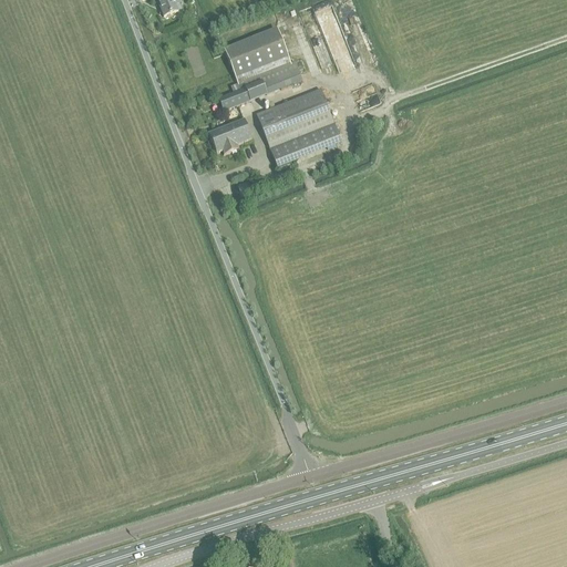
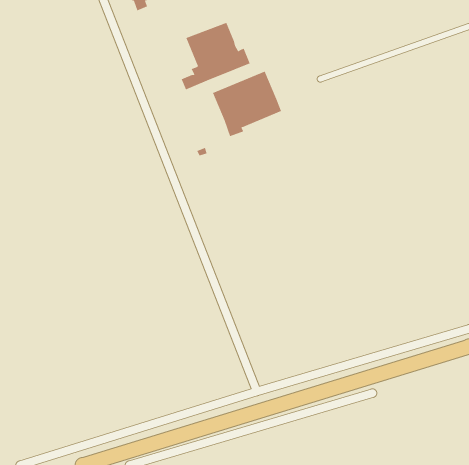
building: [208,116,252,152] -> none

